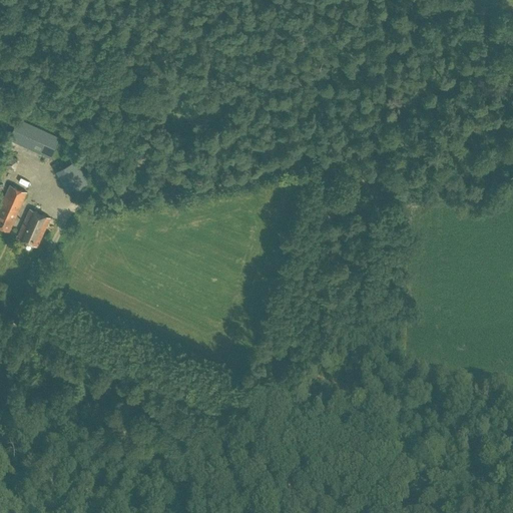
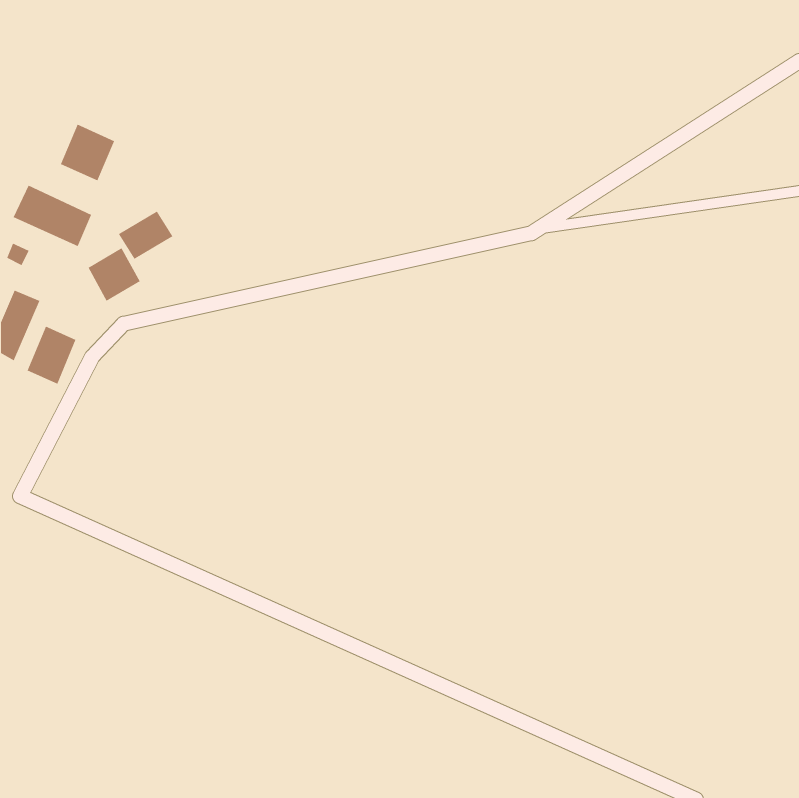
building: none -> [60,124,115,182]
building: none -> [118,211,174,260]

